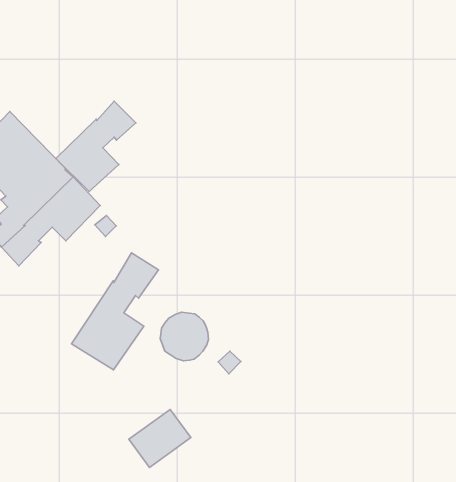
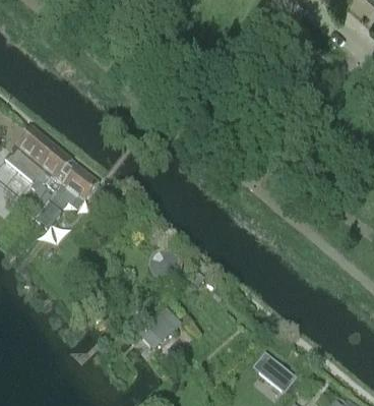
building: [56,101,136,191] -> none
building: [72,253,158,370] -> none

